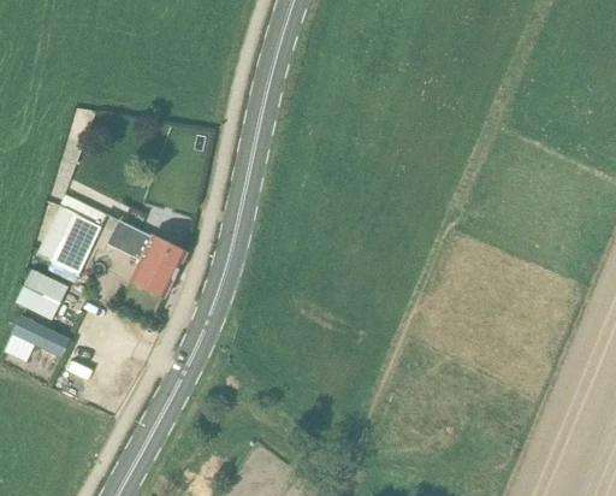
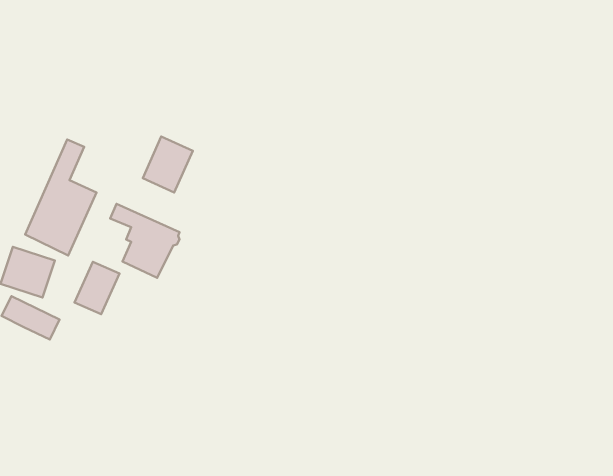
building: none -> [143,137,193,192]
building: none -> [74,262,120,314]

